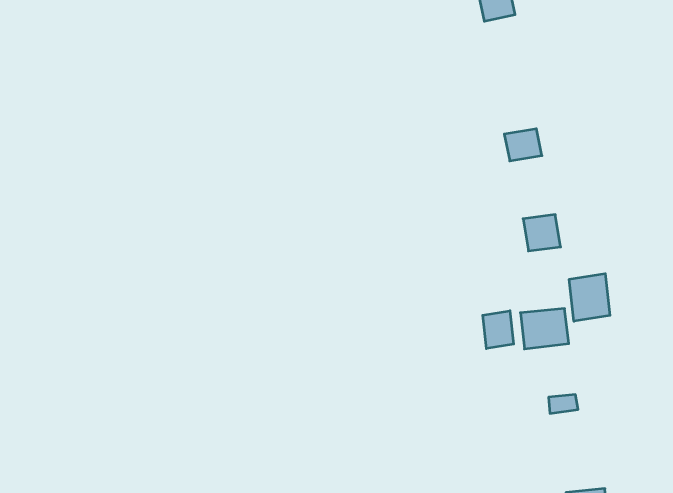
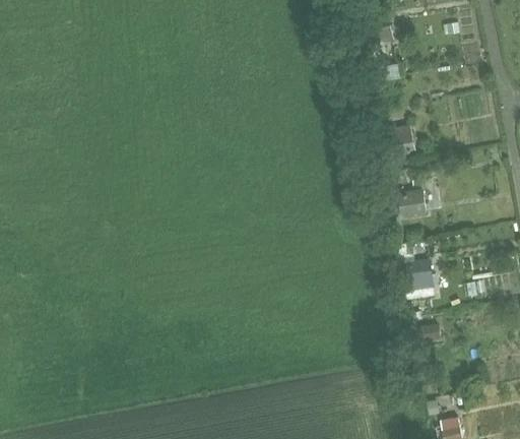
building: [569,274,610,321] -> none
building: [483,311,514,349] -> none

